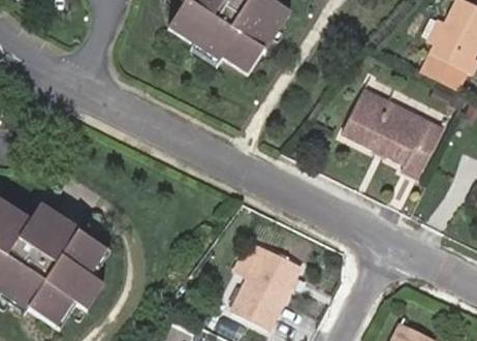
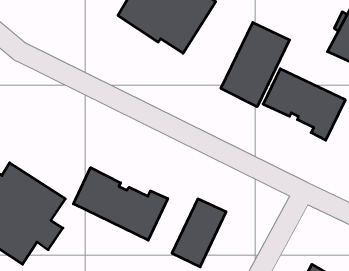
building: none -> [221,22,290,107]
building: none -> [73,168,168,240]

